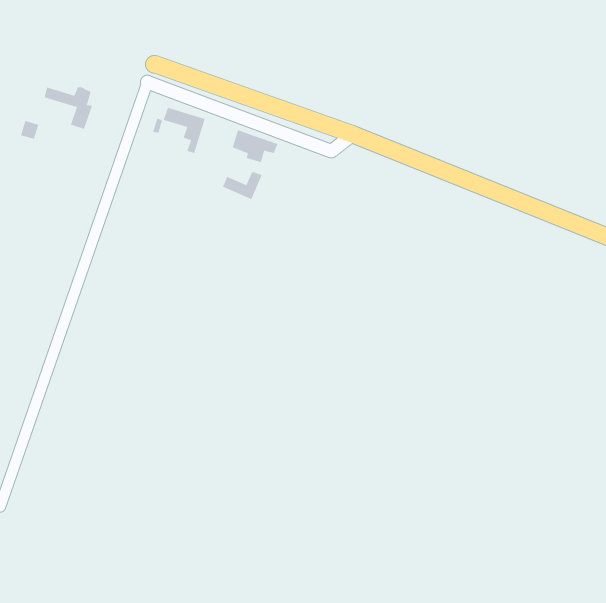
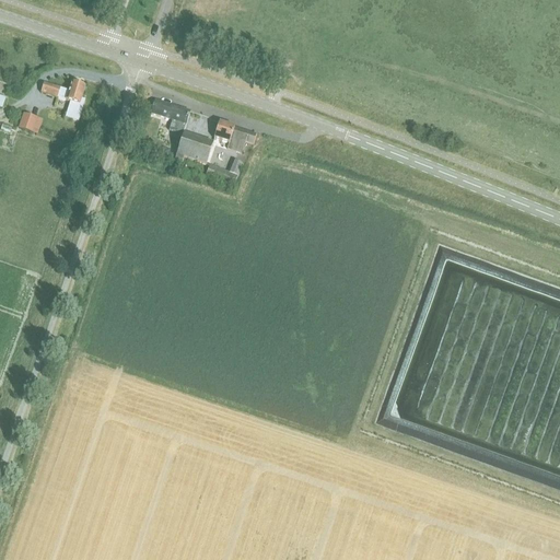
building: none -> [174,131,213,166]

